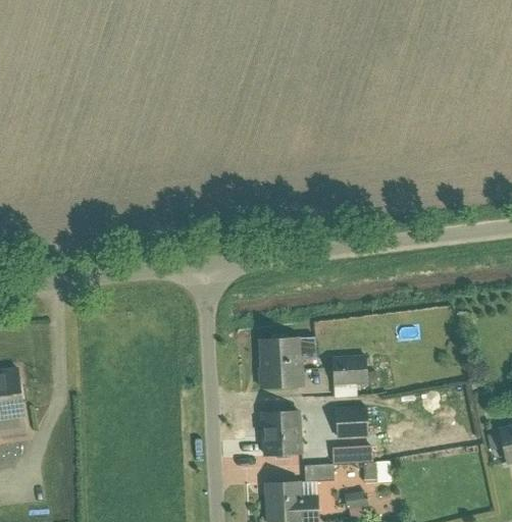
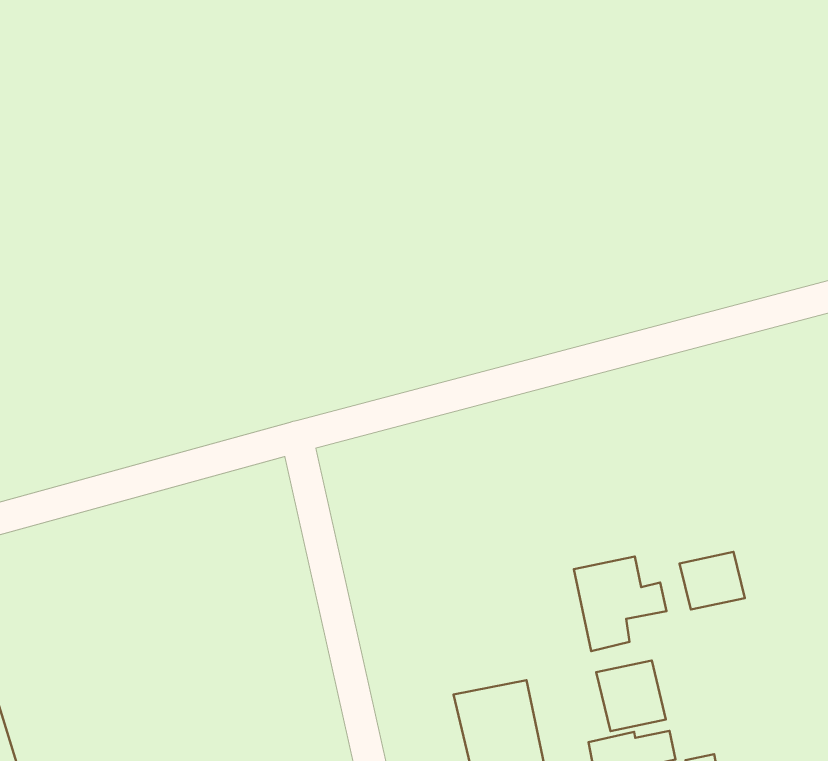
building: [256,335,315,389] -> none
building: none -> [680,552,745,610]

